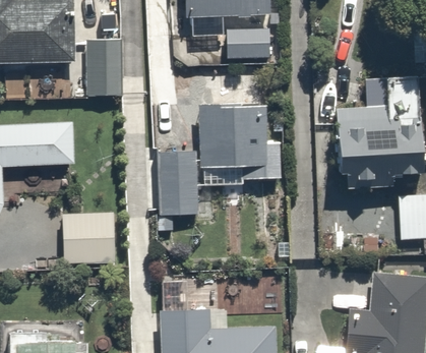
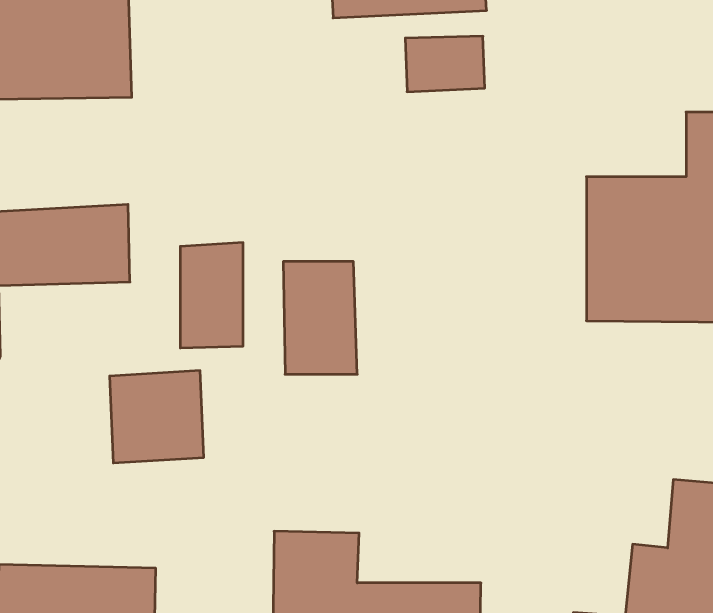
building: [86,40,121,98] -> [180,243,243,348]
building: [200,107,281,180] -> none

